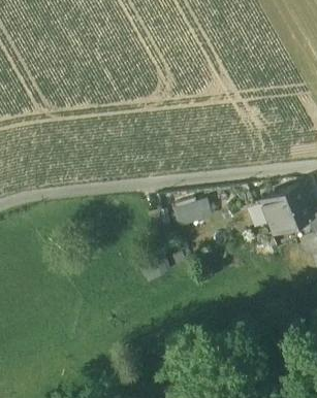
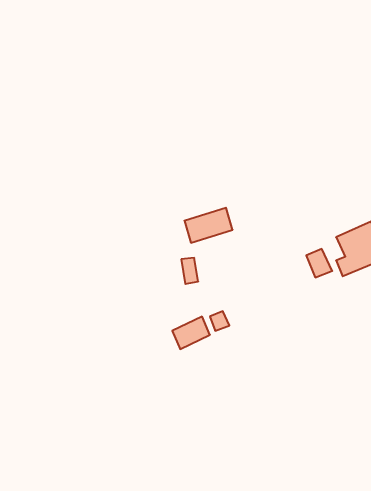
building: [173,199,212,227] -> [184,208,233,243]

